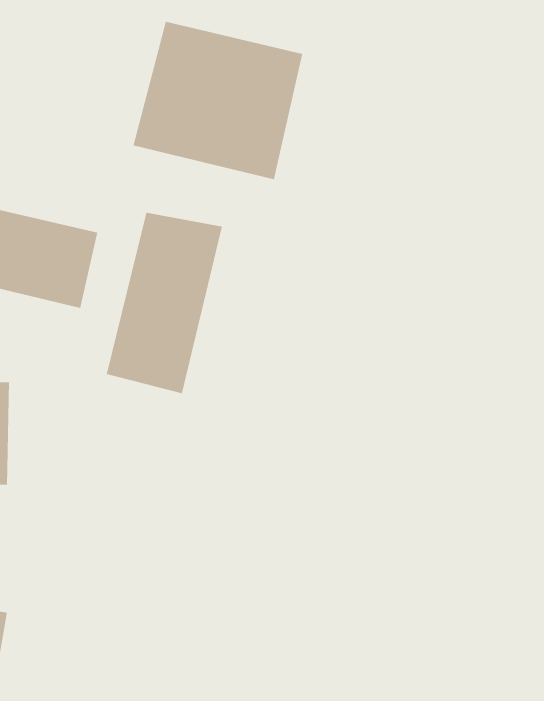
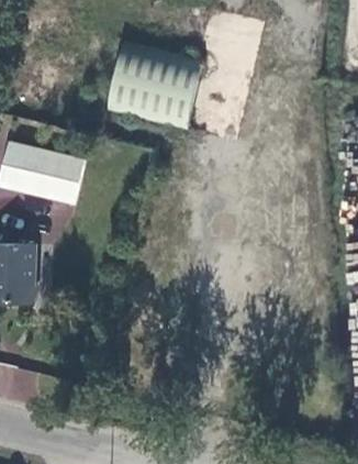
building: [106,212,223,394] -> none

